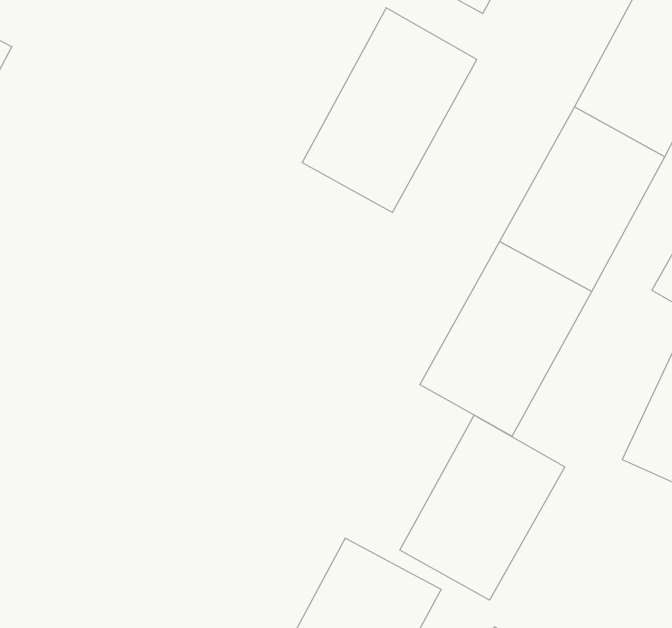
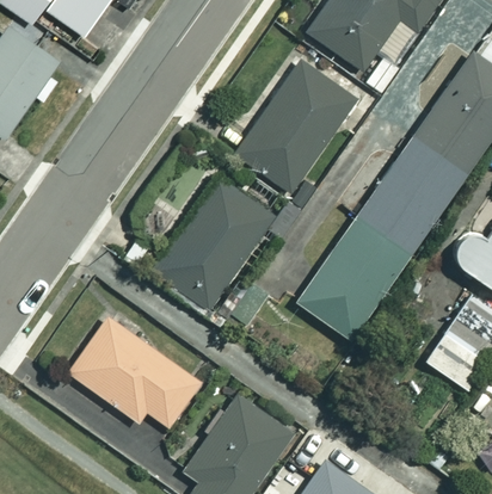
building: none -> [154,177,275,309]
building: [400,415,565,600] -> none
building: none -> [68,316,203,428]

